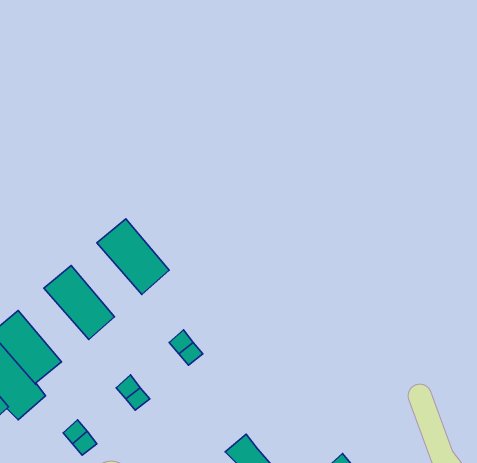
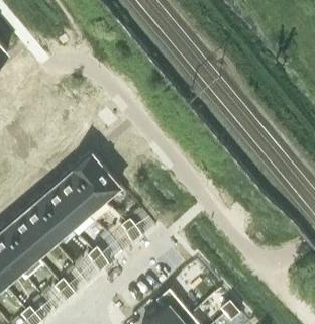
building: none -> [58,172,102,218]
building: none -> [24,200,69,246]

